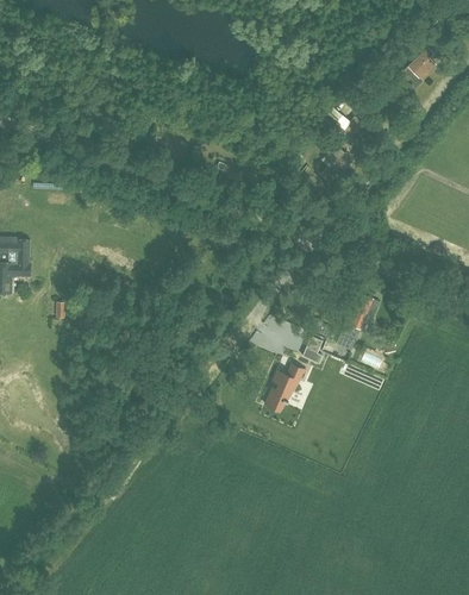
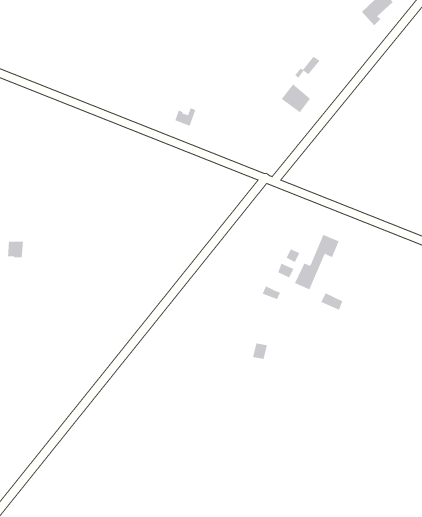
building: [263,364,306,411] -> none

